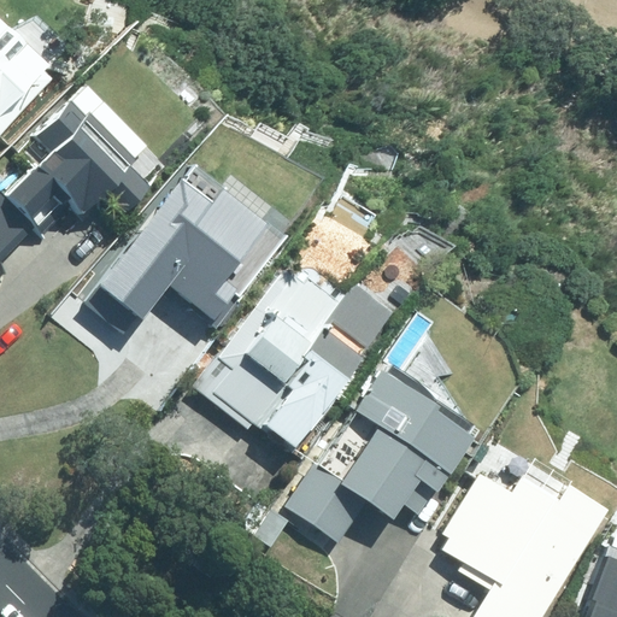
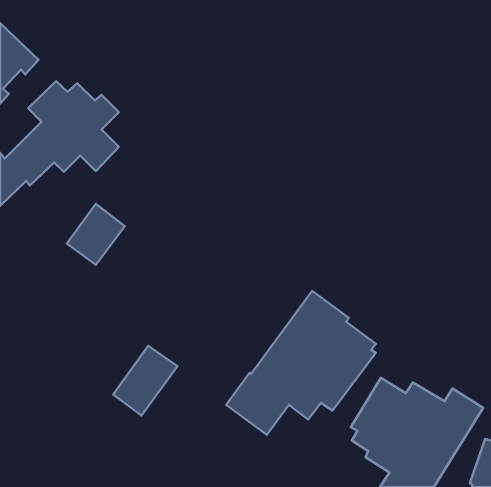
building: [141,193,266,329] -> none
building: [195,271,394,451] -> none
building: none -> [113,346,178,415]

